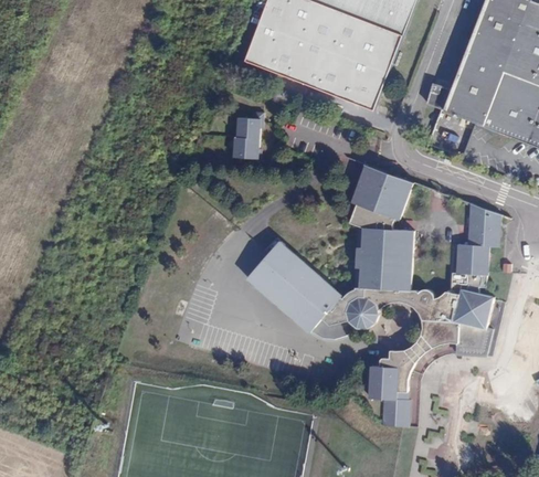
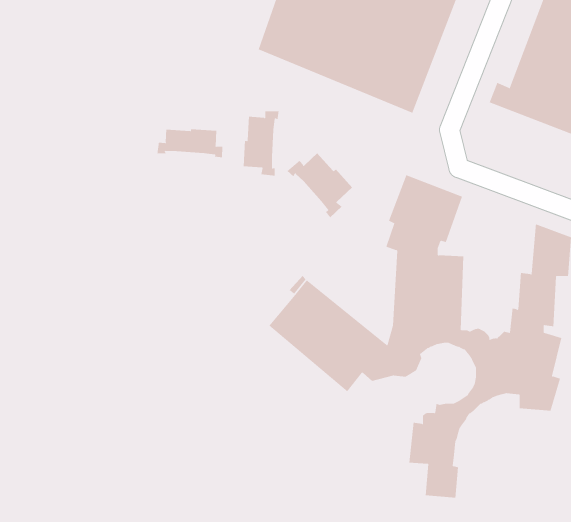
building: none -> [157,128,223,158]
building: none -> [287,152,353,218]

